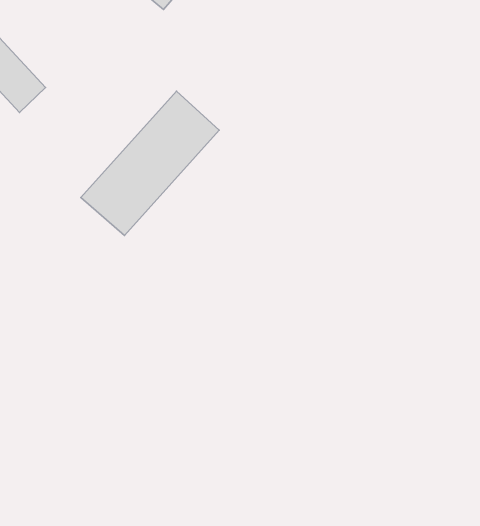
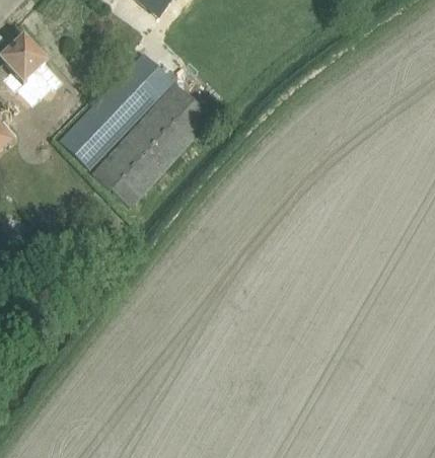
building: none -> [59,51,170,165]

